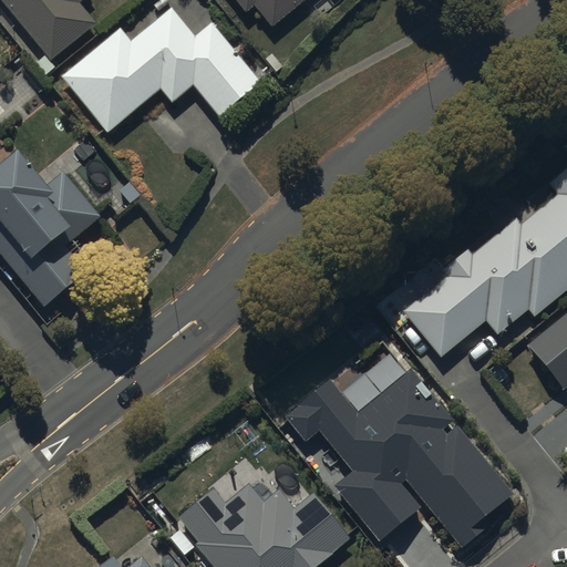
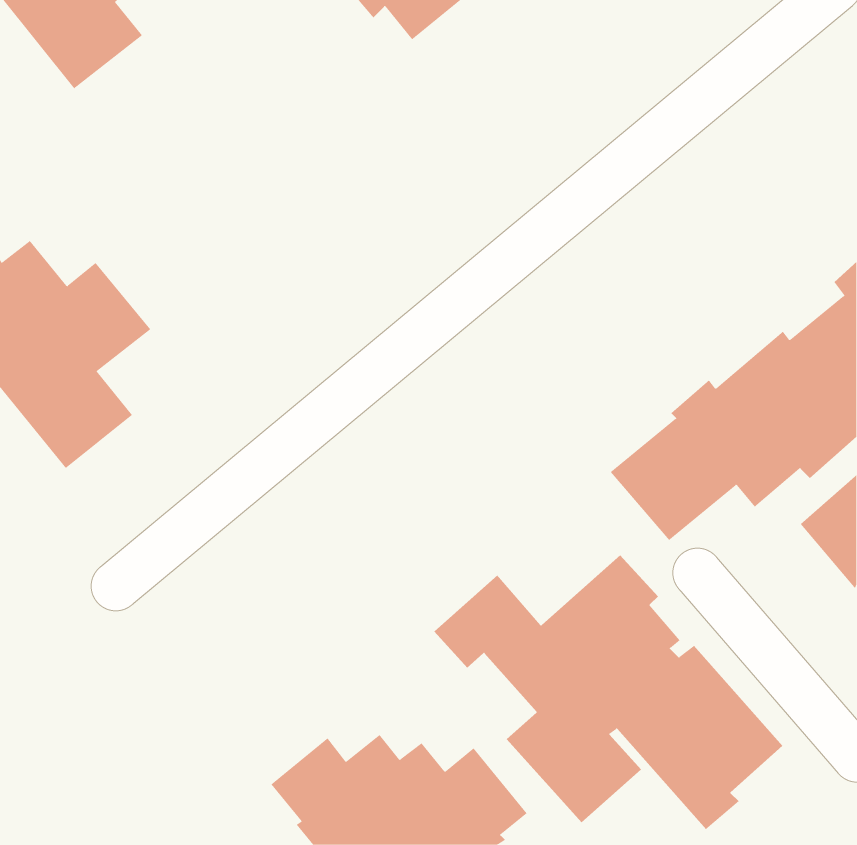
building: [61,8,262,132] -> none

